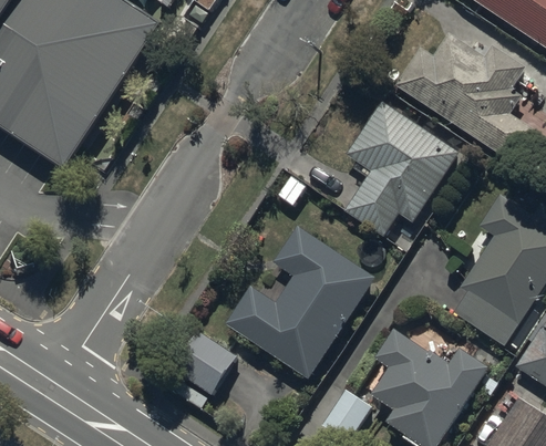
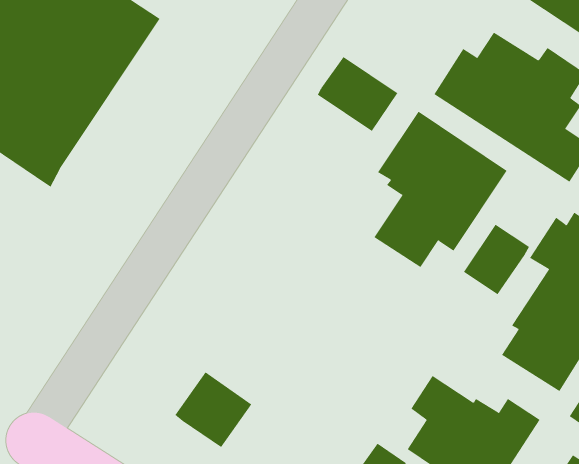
building: none -> [317,56,398,132]
building: none -> [463,224,530,295]
building: [228,228,378,380] -> none

